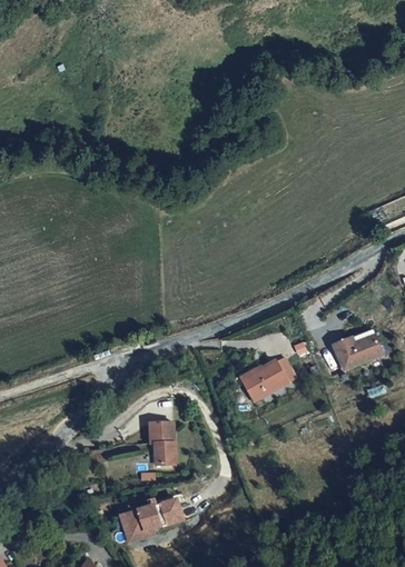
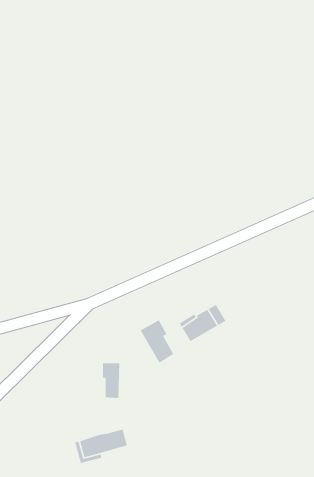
building: [330,330,379,368] -> none
building: none -> [140,319,174,364]

